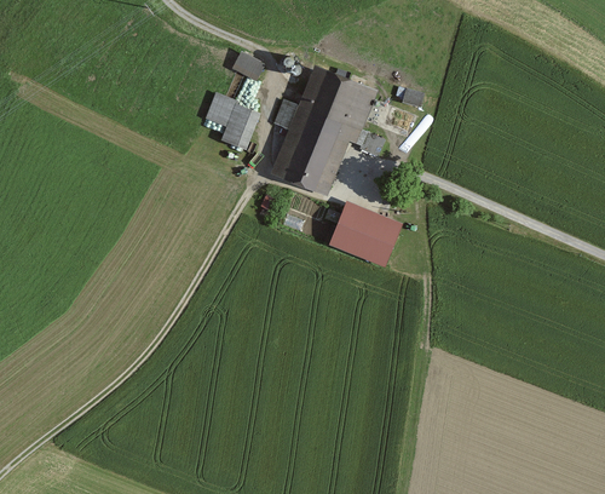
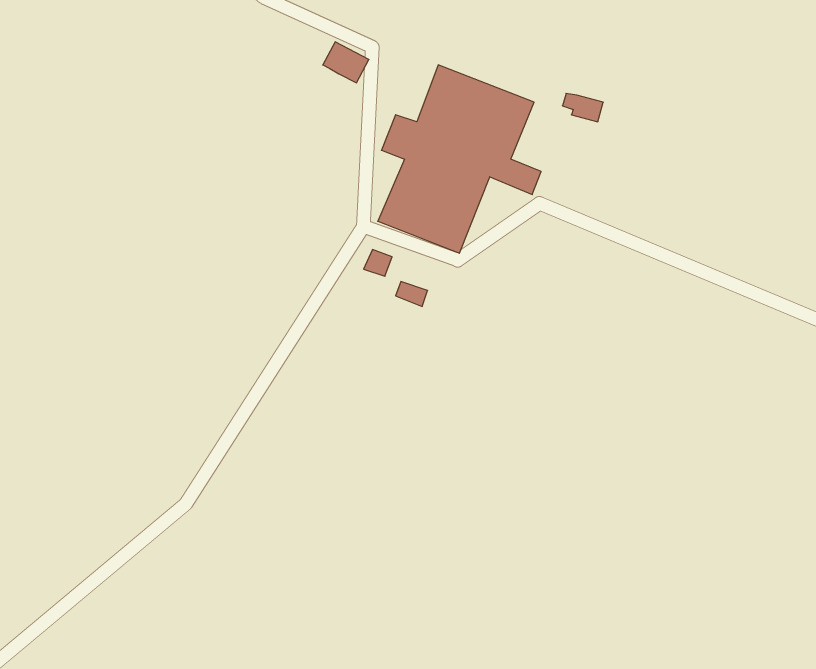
building: [206,90,260,148] -> none
building: [328,201,402,266] -> none

